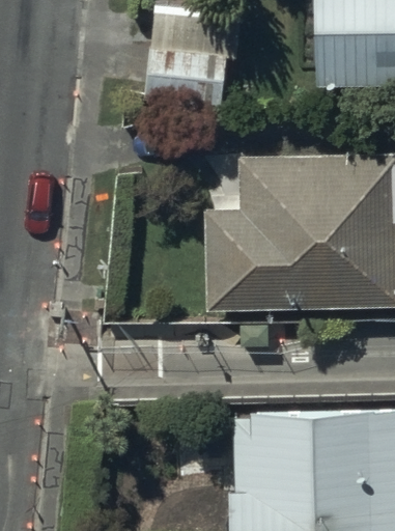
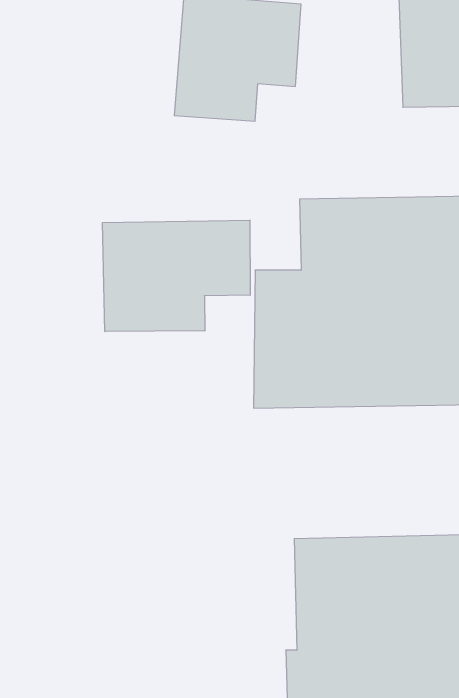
building: none -> [103,220,250,332]

